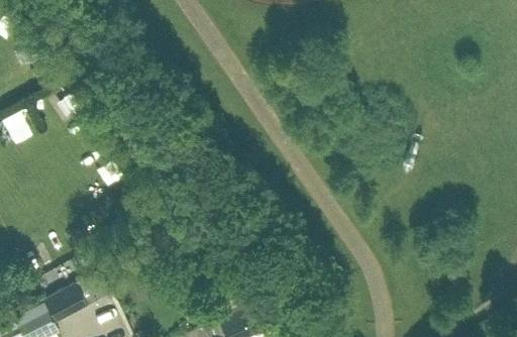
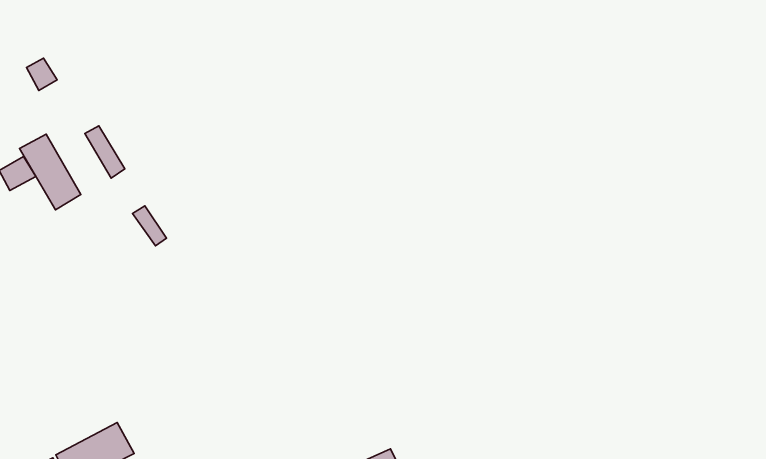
building: none -> [20,134,81,210]

